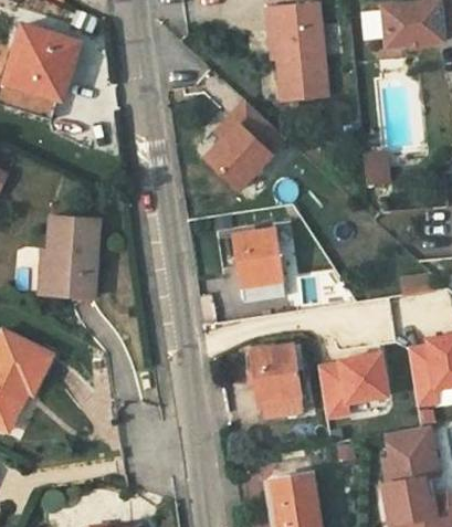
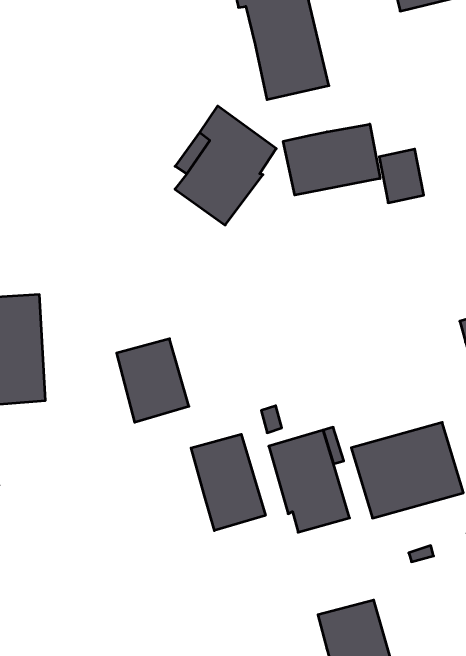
building: none -> [283,124,380,195]
building: [234,229,282,286] -> [117,339,189,422]
building: none -> [191,434,265,531]

